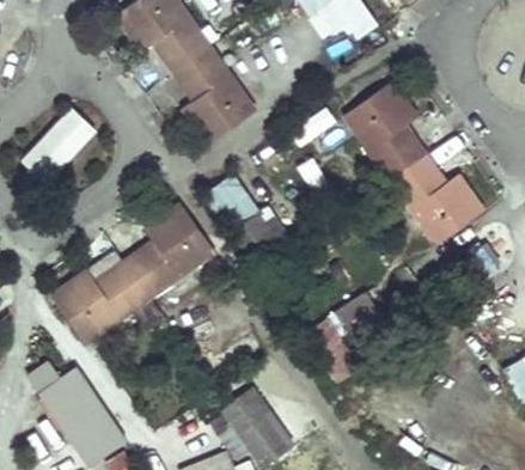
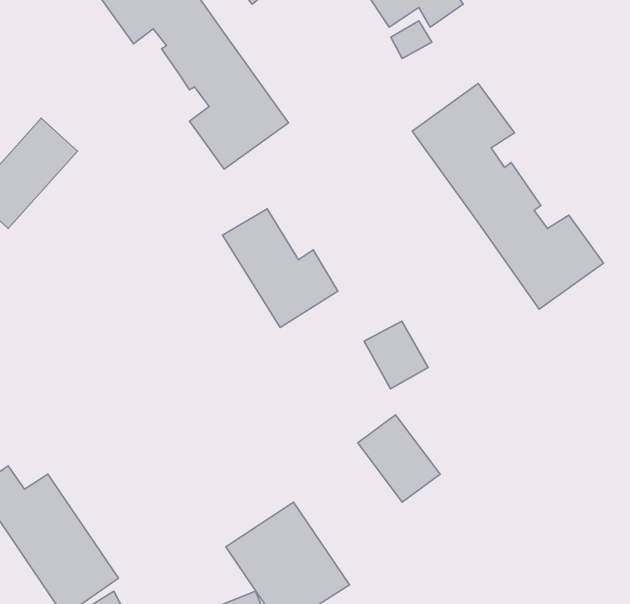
building: [50,203,213,342] -> none
building: [336,293,383,342] -> [364,321,428,389]

